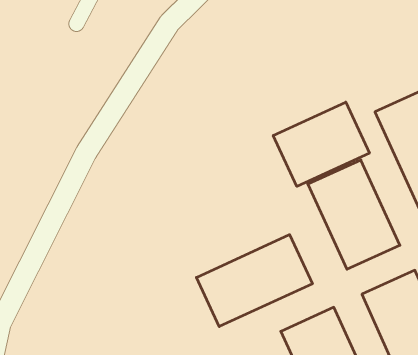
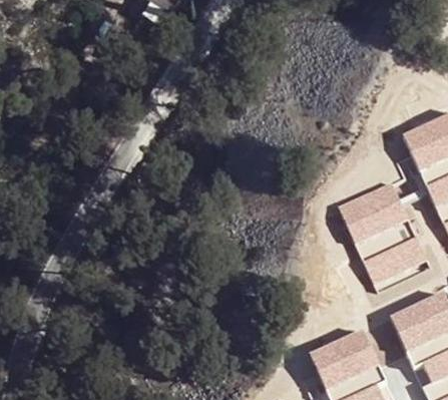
building: [273,102,369,186] -> none
building: [196,235,312,327] -> none

